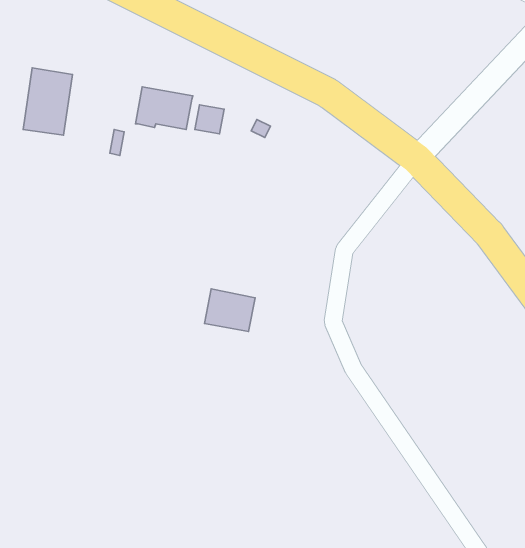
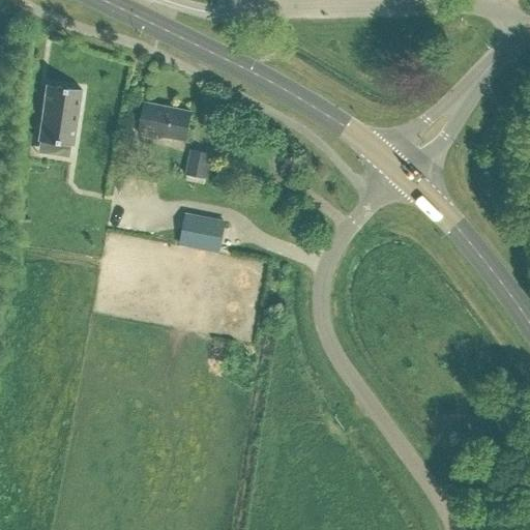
building: [195,105,224,134] -> [186,151,213,178]
building: [205,289,255,331] -> [179,212,226,252]

